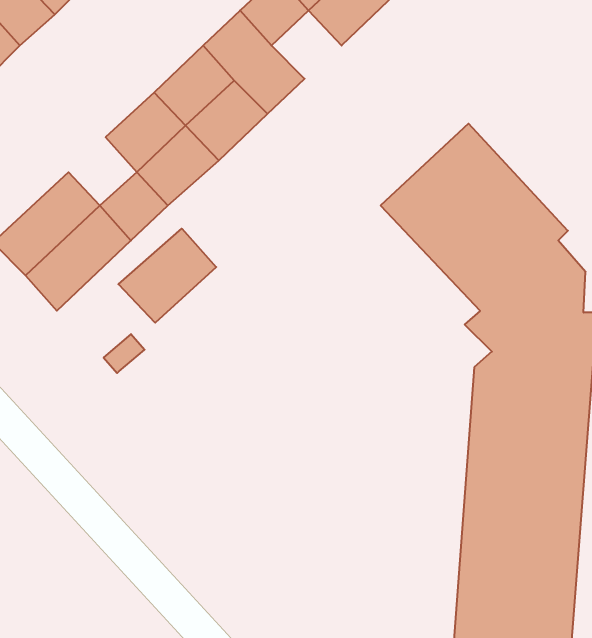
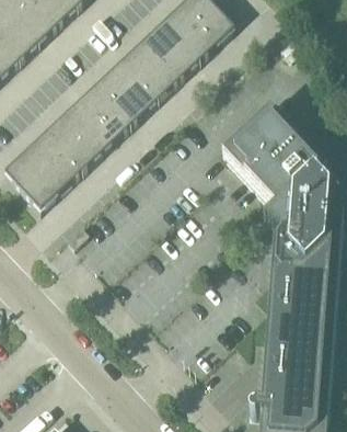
building: none -> [159,41,198,79]
building: none -> [45,112,83,150]
building: [118,229,216,323] -> none

